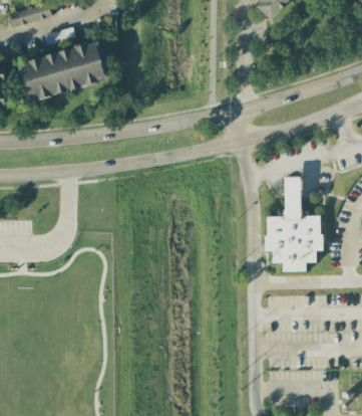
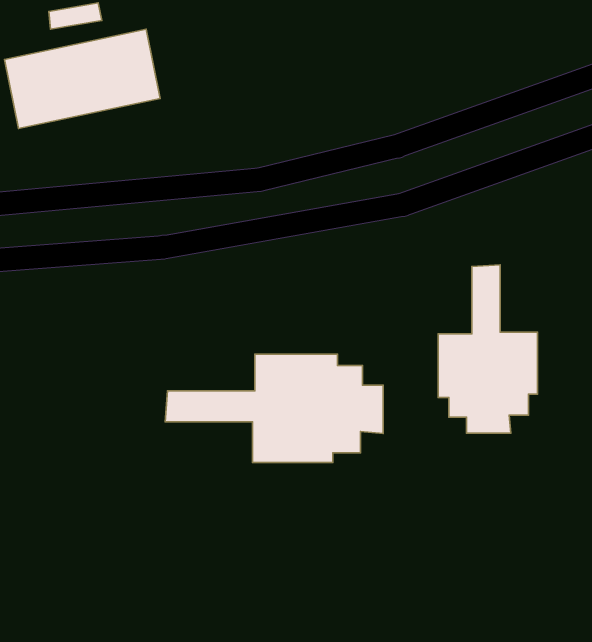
building: none -> [165,354,383,463]

